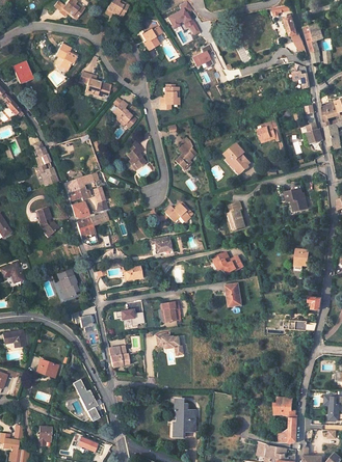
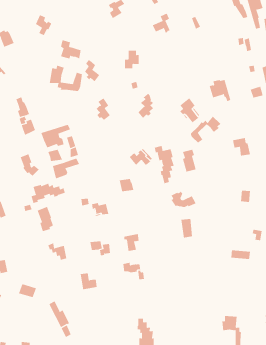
building: none -> [49,65,83,92]
building: none -> [190,116,221,144]
building: none -> [154,145,175,184]
building: none -> [31,183,66,204]

